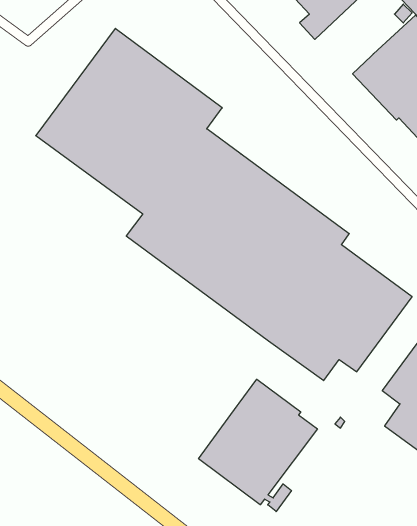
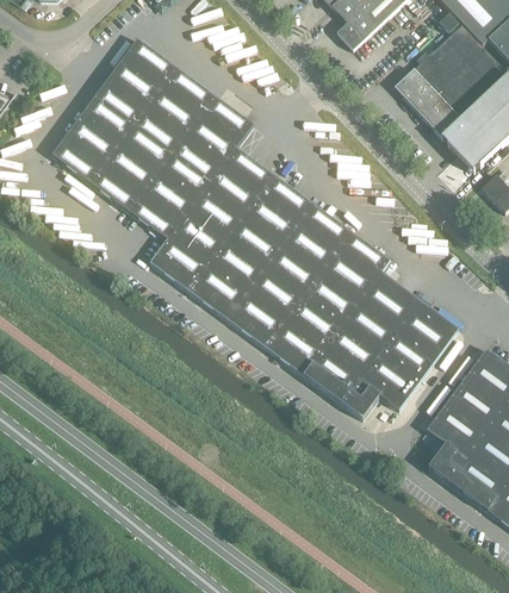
building: [199,379,317,512] -> none

